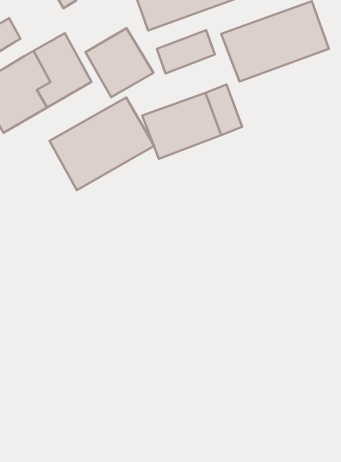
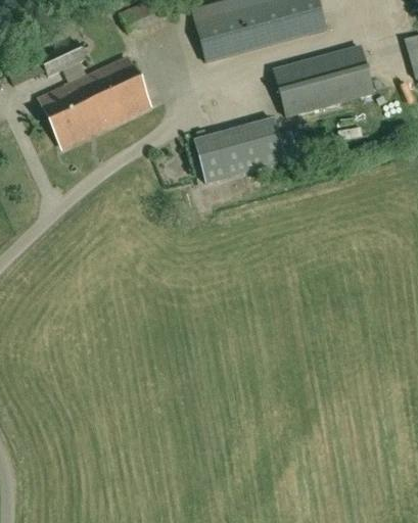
building: [85,28,154,97] -> none
building: [157,30,215,73] -> none
building: [50,97,154,190] -> none

